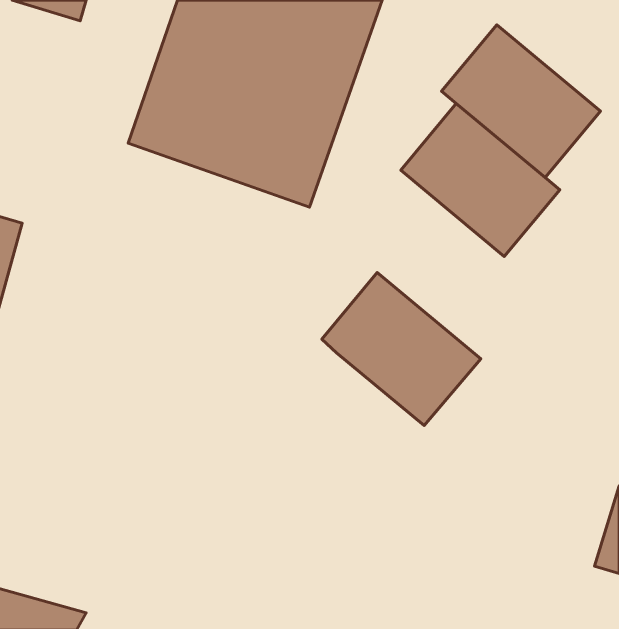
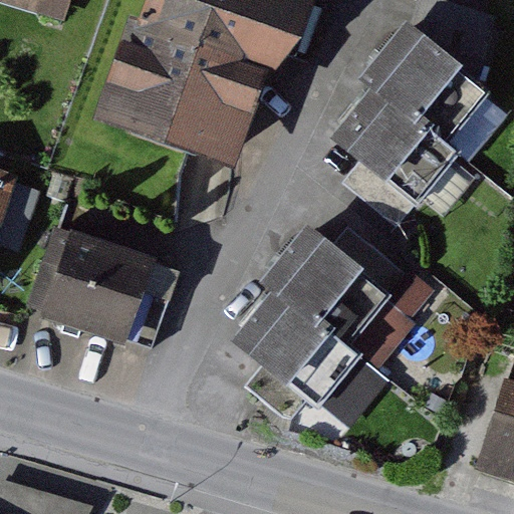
building: none -> [43,227,166,342]
building: none -> [229,288,358,413]

